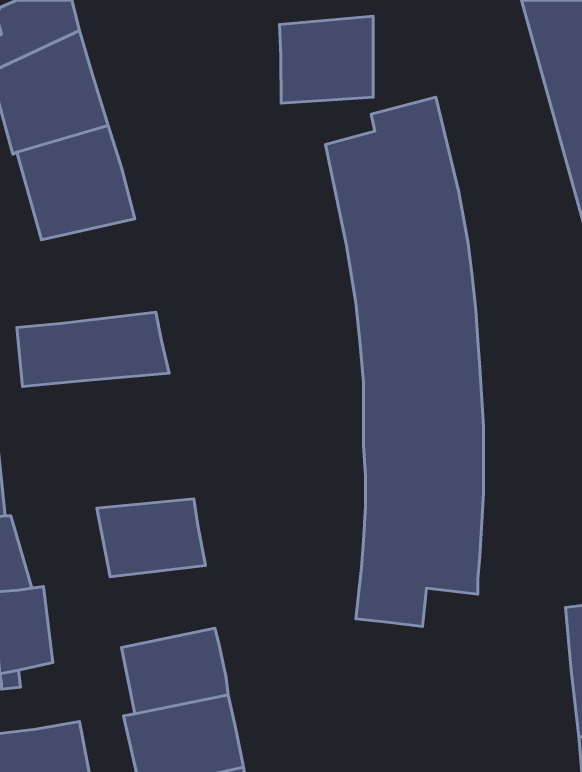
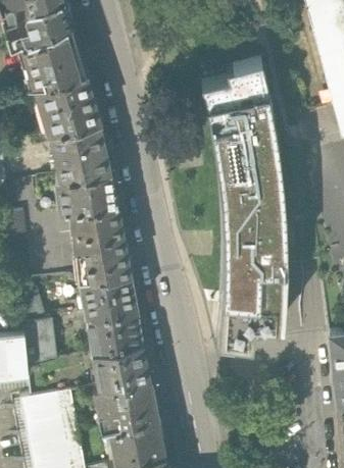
building: [279,16,373,103] -> none
building: none -> [50,123,111,179]
building: none -> [71,206,132,278]
building: none -> [87,309,143,353]

